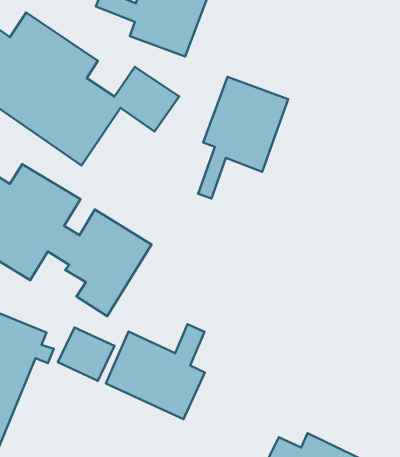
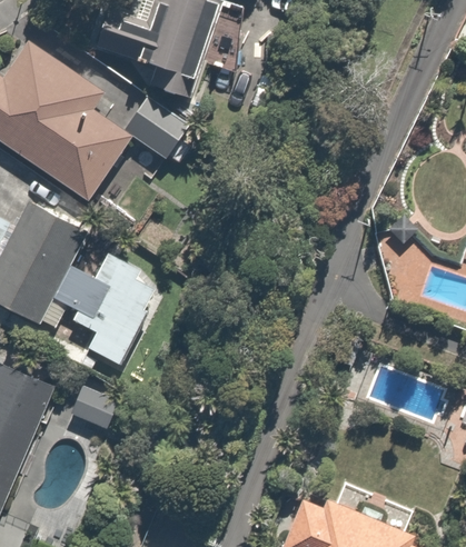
building: [198,77,288,199] -> none
building: [106,324,205,419] -> none

